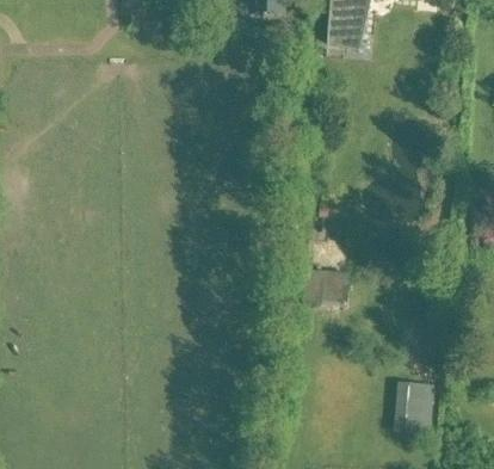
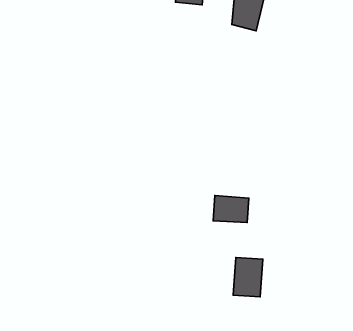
building: [394,378,433,431] -> [233,257,263,297]

